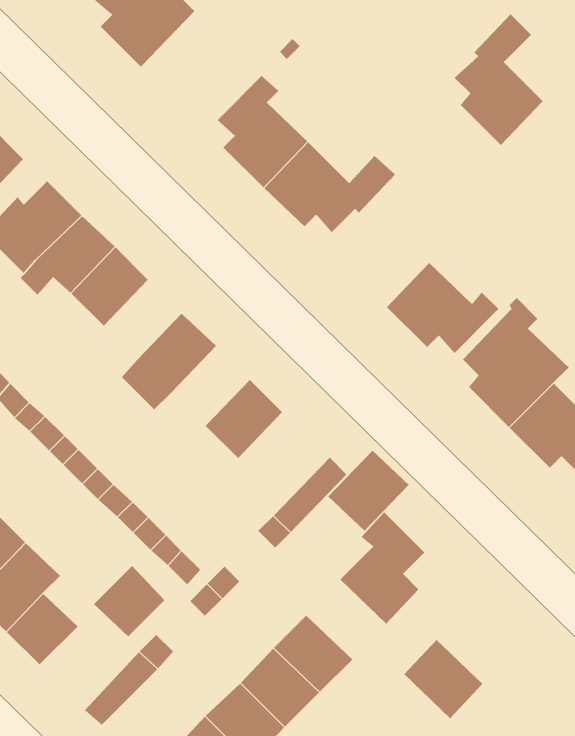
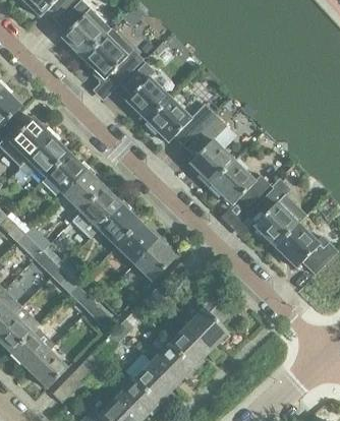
building: none -> [82,28,141,81]
building: [454,13,544,146] -> [186,114,233,183]
building: none -> [63,169,104,211]
building: none -> [99,203,139,245]
building: [328,450,409,532] -> [133,238,176,281]
building: [93,565,165,637] -> [30,350,67,387]
building: [403,639,483,719] -> [169,325,211,367]

